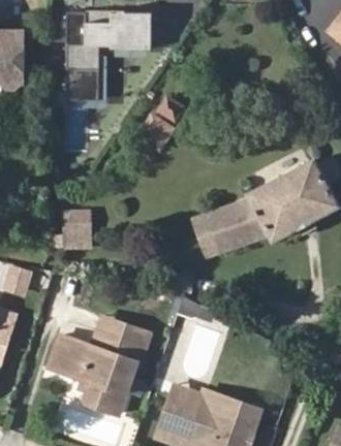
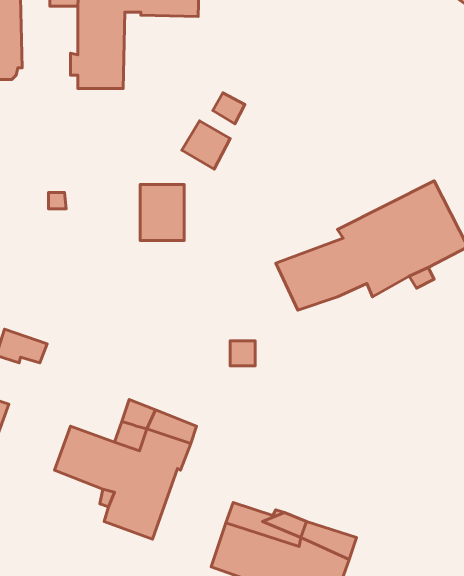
building: [58,210,89,249] -> [140,185,184,240]

